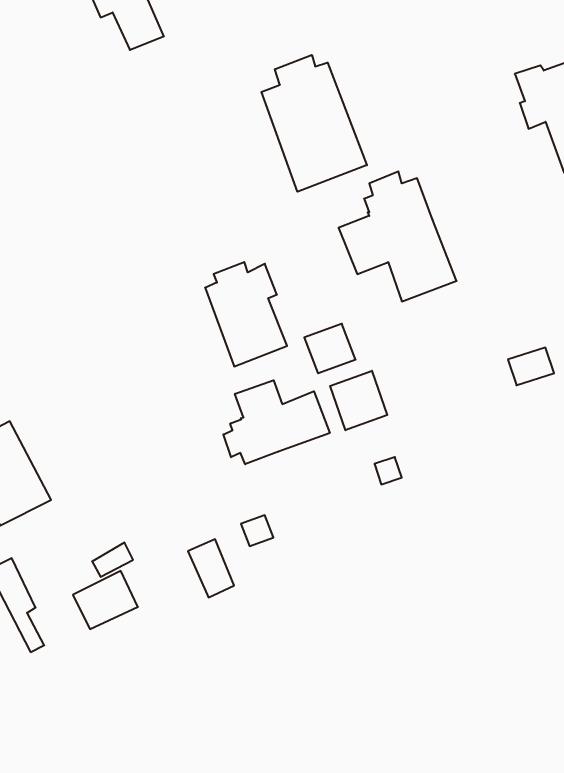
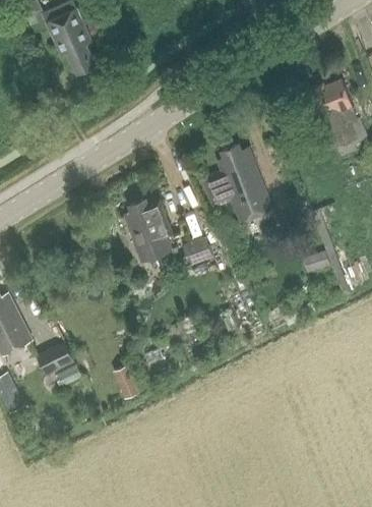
building: [261,55,367,192] -> none
building: [330,371,387,430] -> none
building: [223,380,330,464] -> none
building: [73,571,138,629] -> [37,342,75,377]

